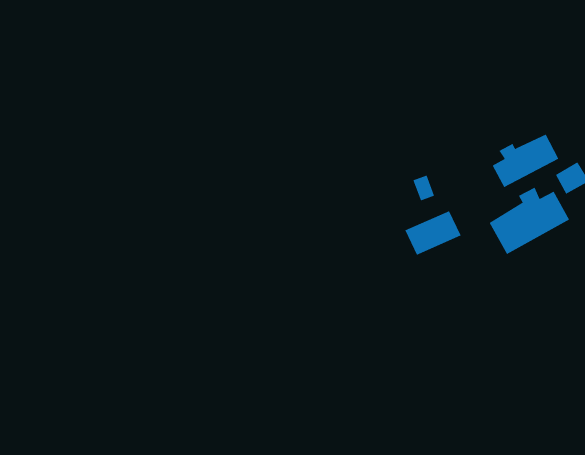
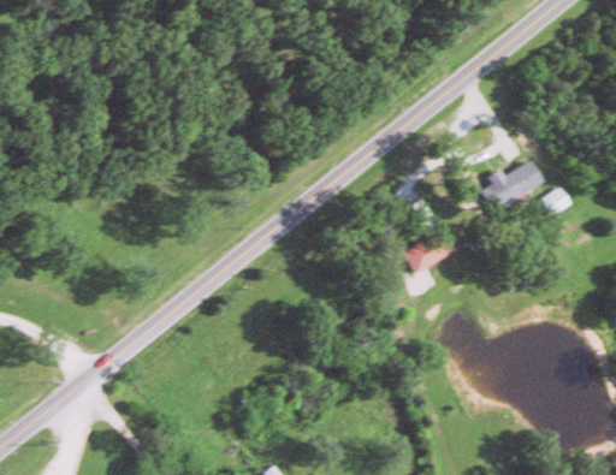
building: [489,187,570,255] -> none

